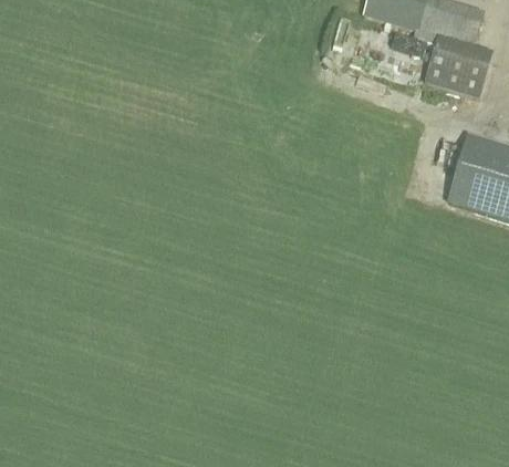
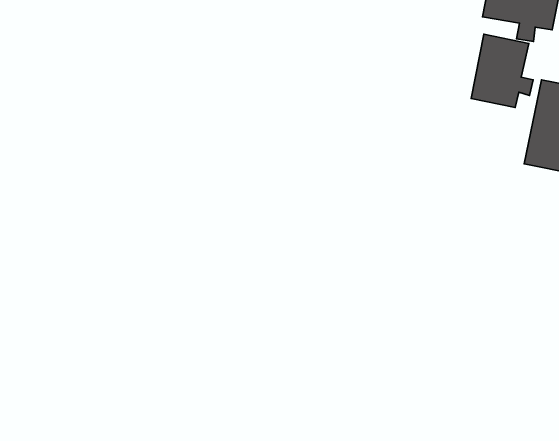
building: none -> [471,34,533,107]

